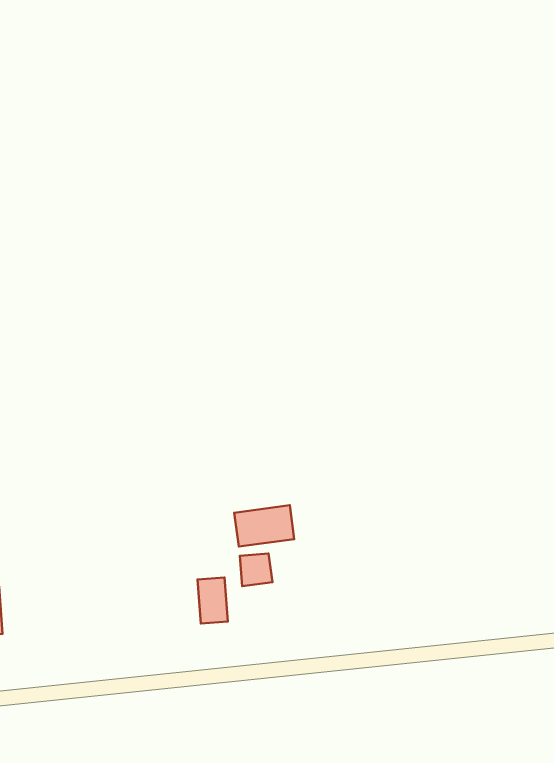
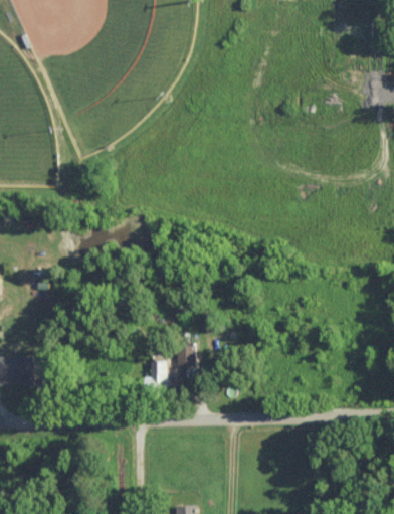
building: [234,505,294,547] -> none

